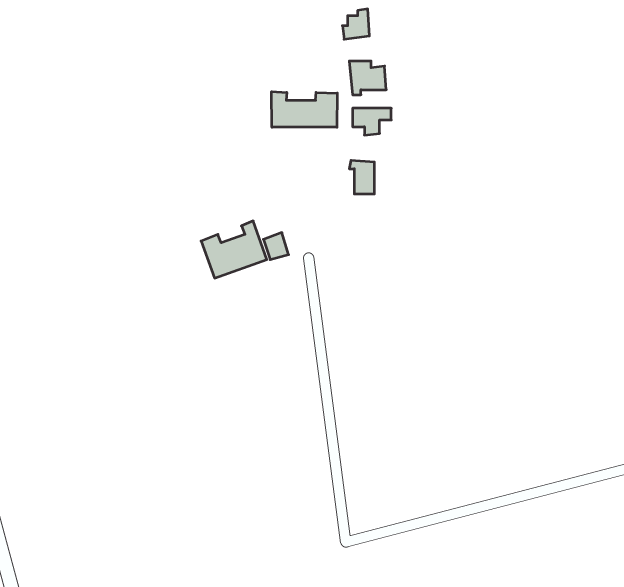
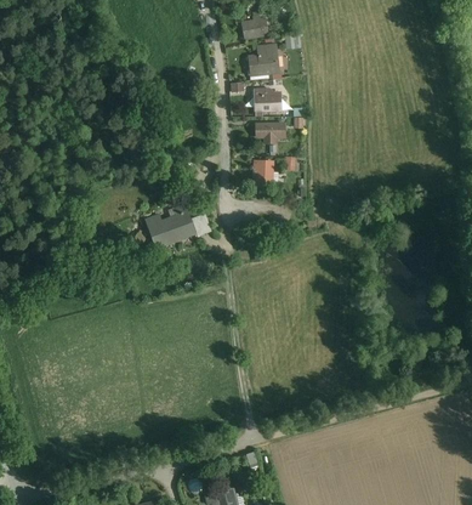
building: [272,92,337,127] -> none

